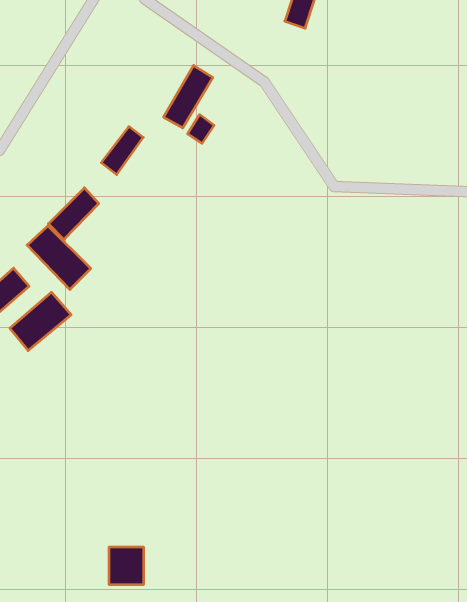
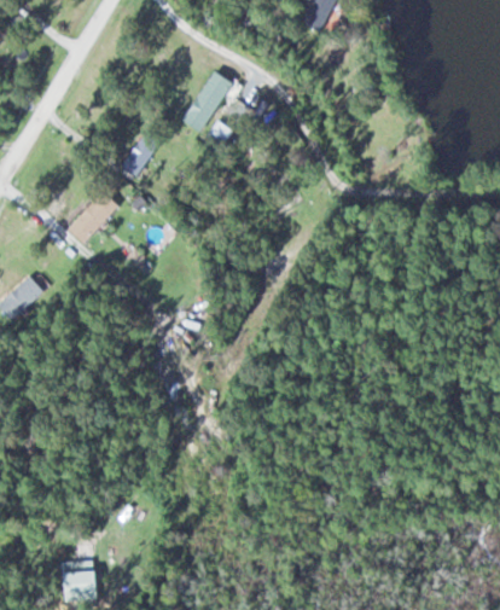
building: [27,226,91,290] -> none
building: [10,292,71,351] -> none
building: [109,547,144,584] -> [60,560,95,598]

